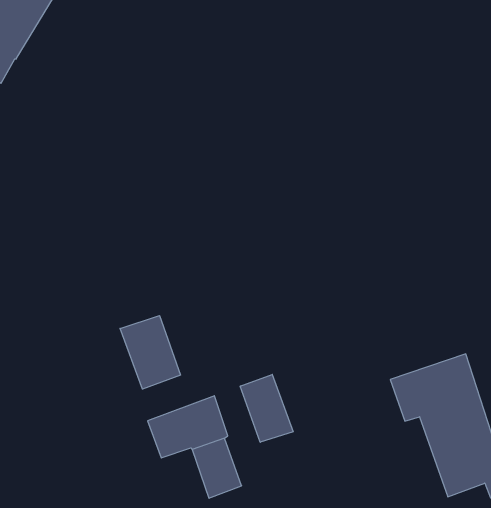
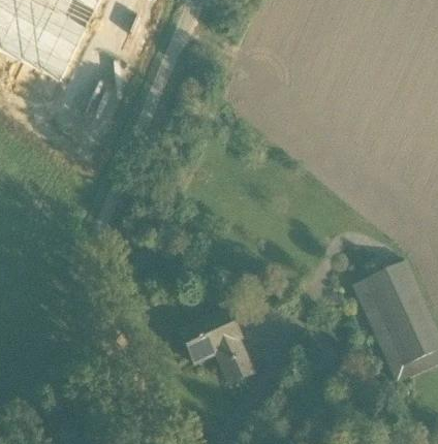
building: [120,316,181,389] -> none
building: [240,374,293,442] -> none

